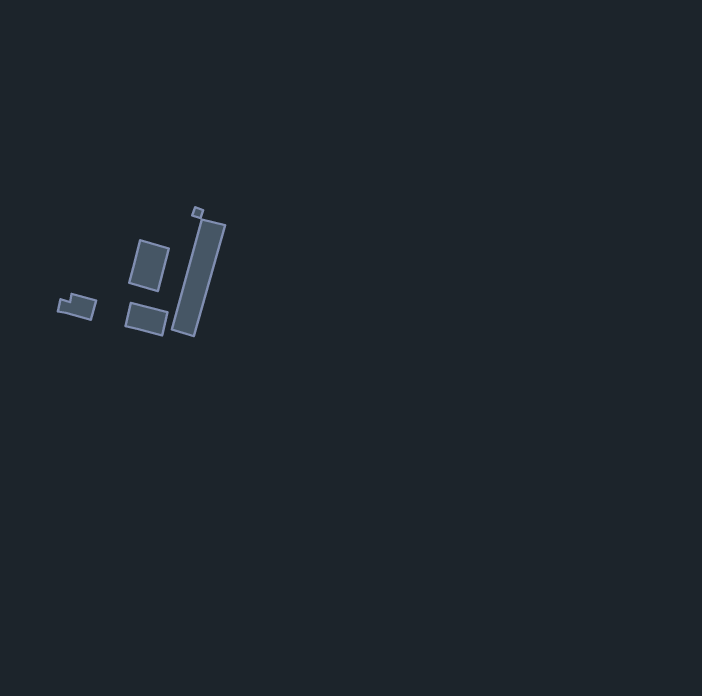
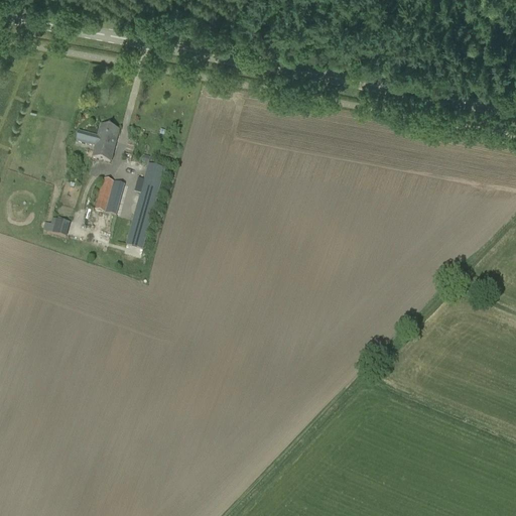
building: none -> [76,122,119,160]
building: [126,303,167,336] -> none

